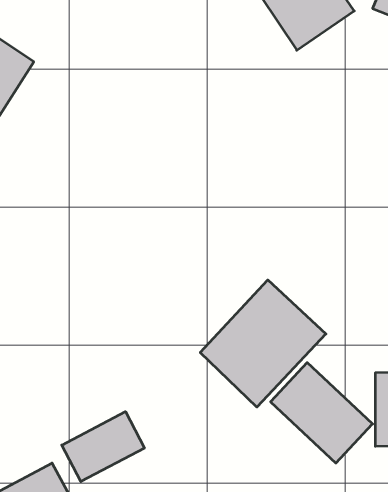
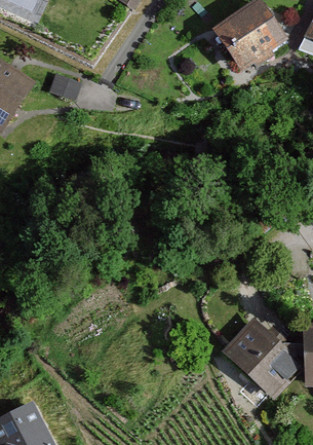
building: [200,280,326,407] -> none
building: [62,412,144,481] -> none

